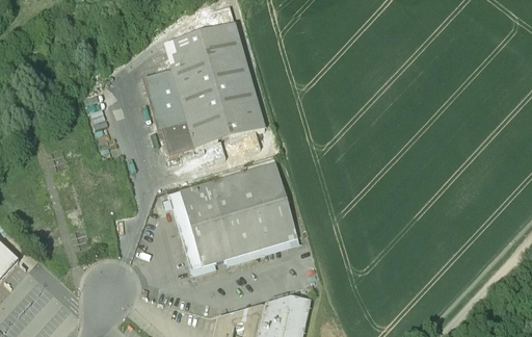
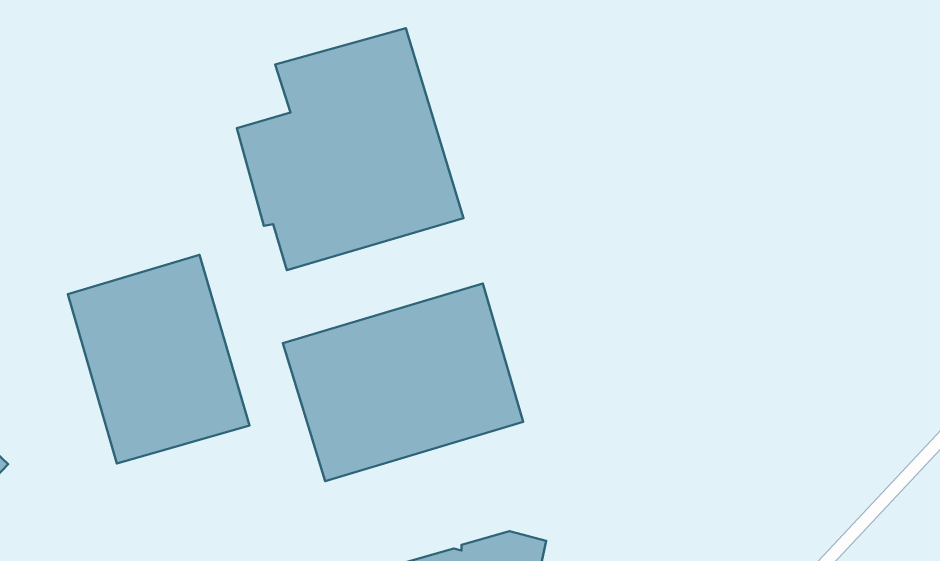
building: none -> [68,255,250,464]

